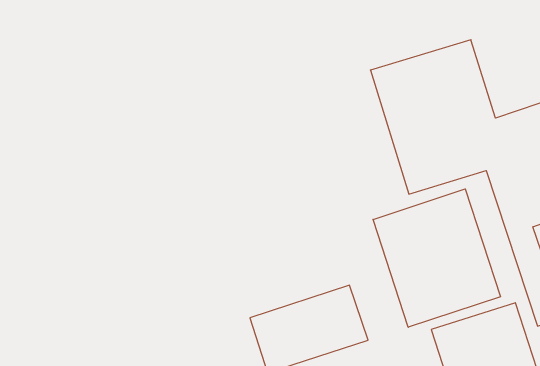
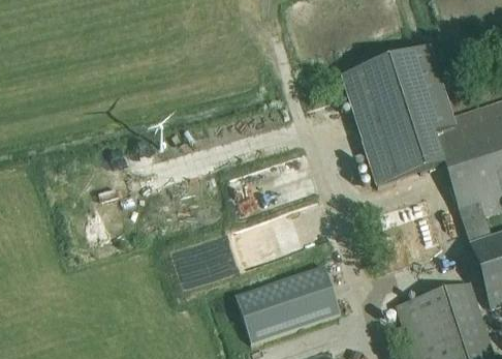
building: [373,189,500,327] -> none

